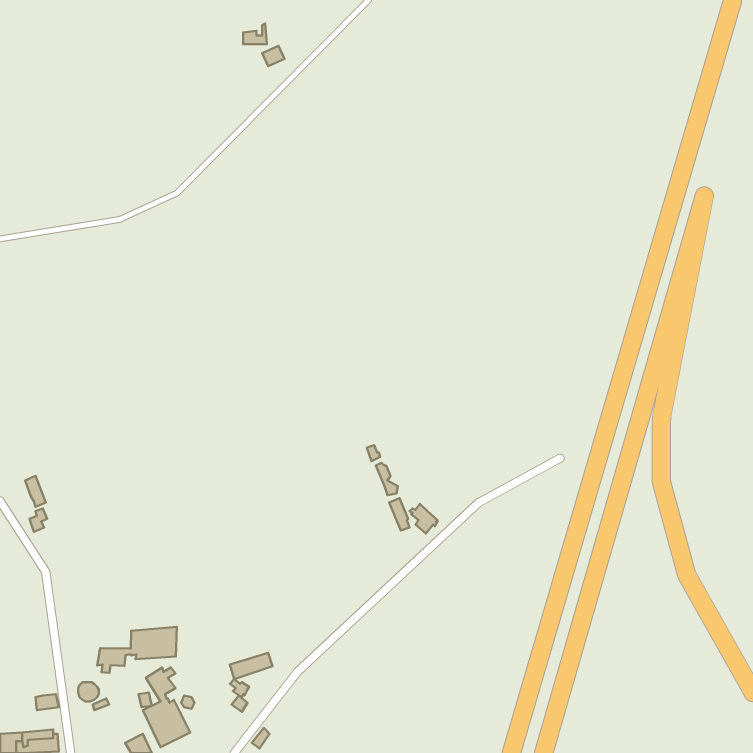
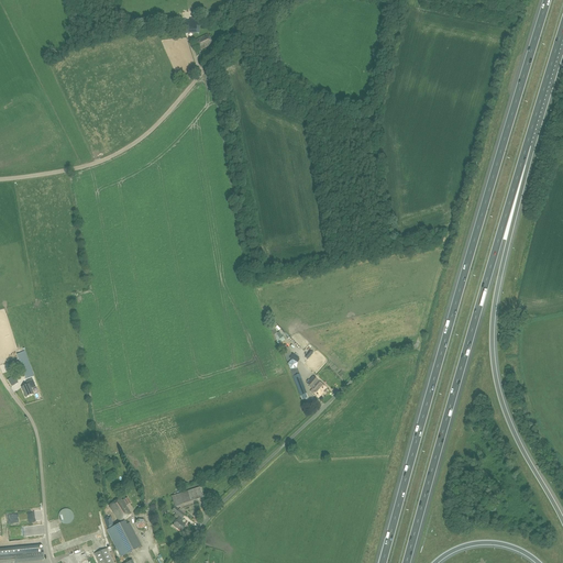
building: [97,627,177,673] -> none

